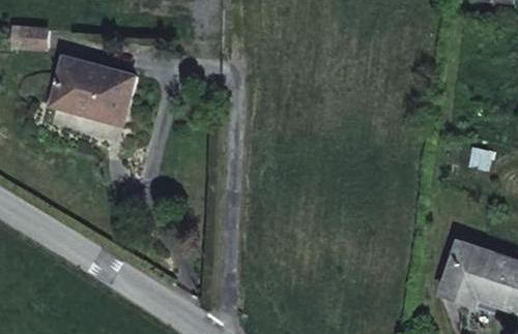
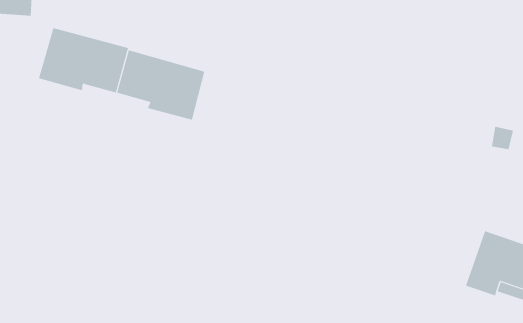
building: none -> [116,49,205,121]

